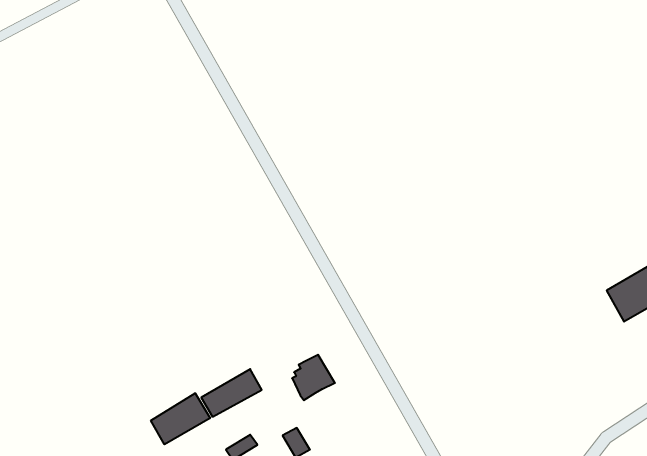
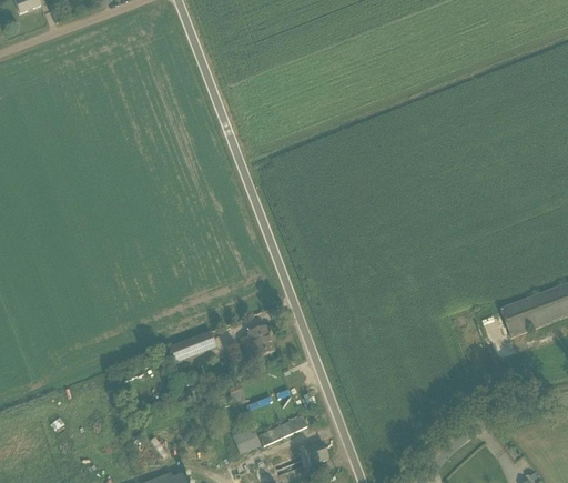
building: [151,393,210,444] -> none

